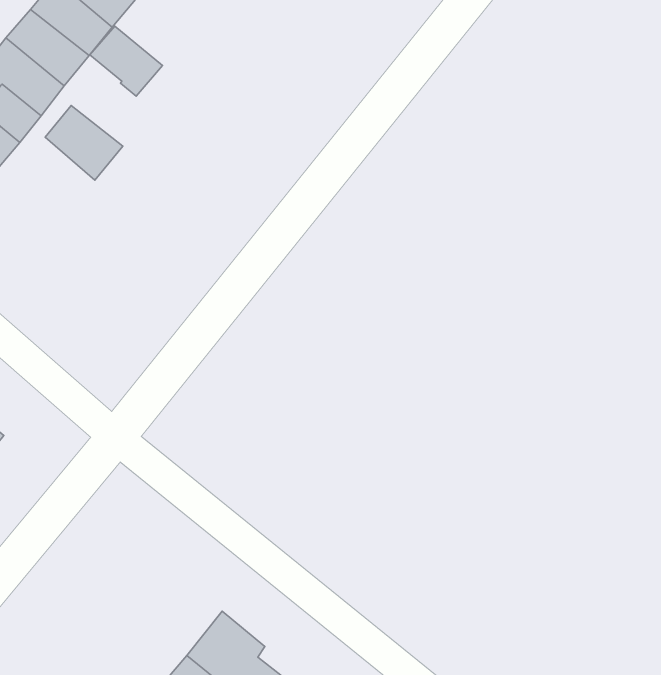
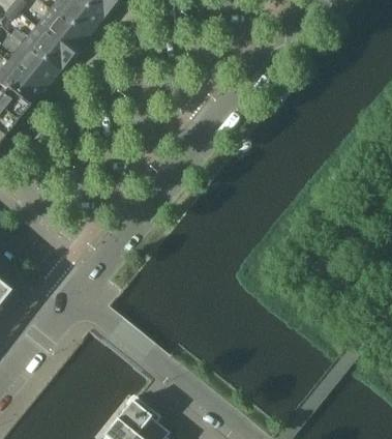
building: [90,26,163,96] -> none
building: [45,105,123,180] -> none

